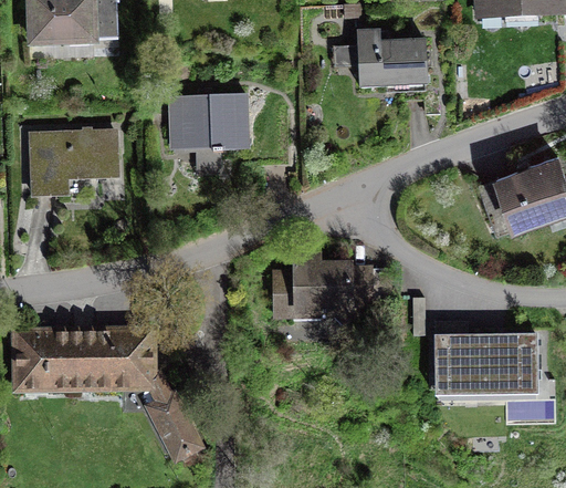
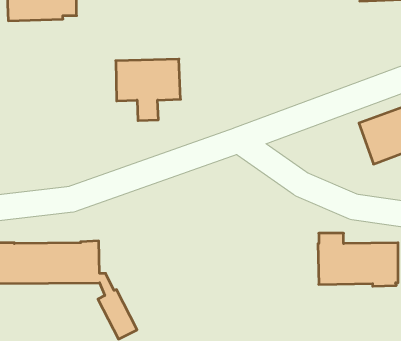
building: [353,32,428,91] -> none
building: [27,128,122,197] -> none
building: [272,255,389,314] -> none

